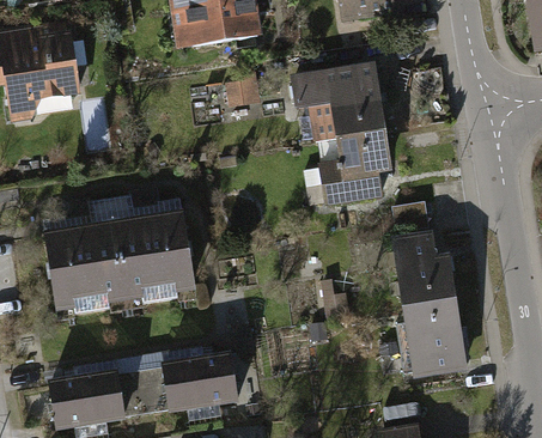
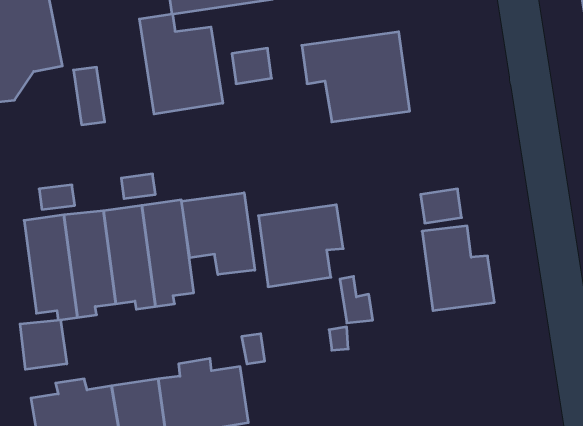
building: none -> [139,14,223,114]
building: [313,130,388,202] -> [258,205,343,287]
building: none -> [182,193,255,275]
building: [402,298,465,378] -> none
building: none -> [20,320,67,369]

